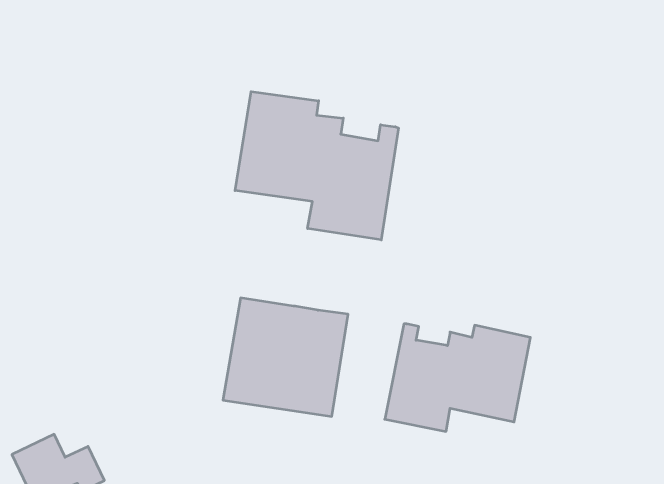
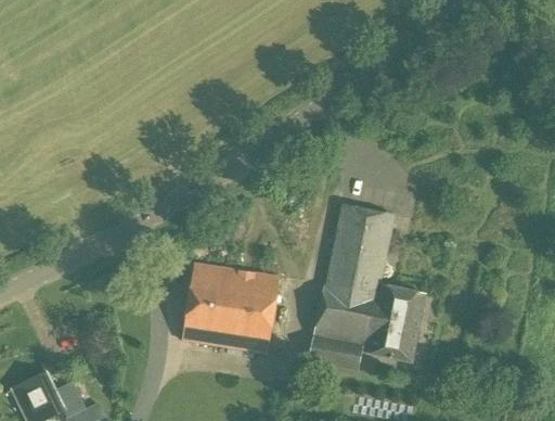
building: [235,92,398,240] -> none
building: none -> [327,204,396,299]

